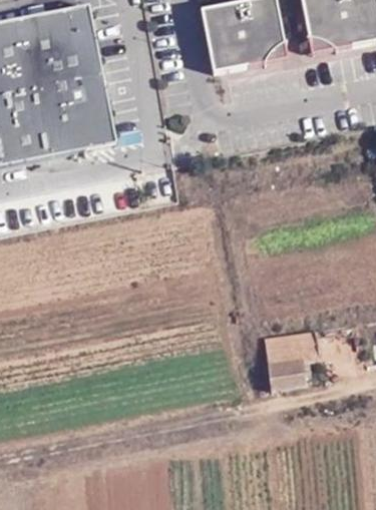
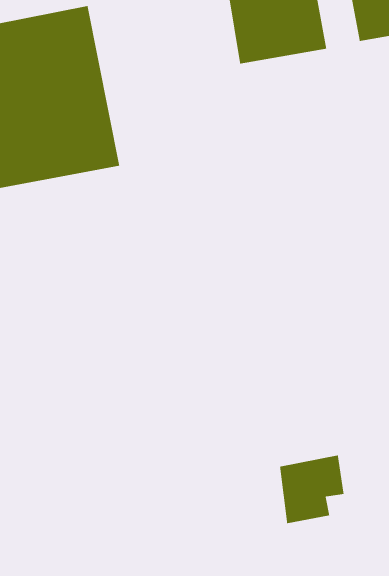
building: [261,328,316,387] -> [279,454,344,524]

